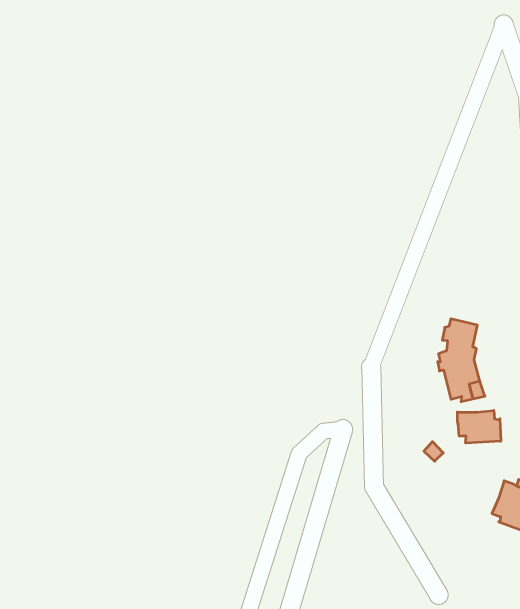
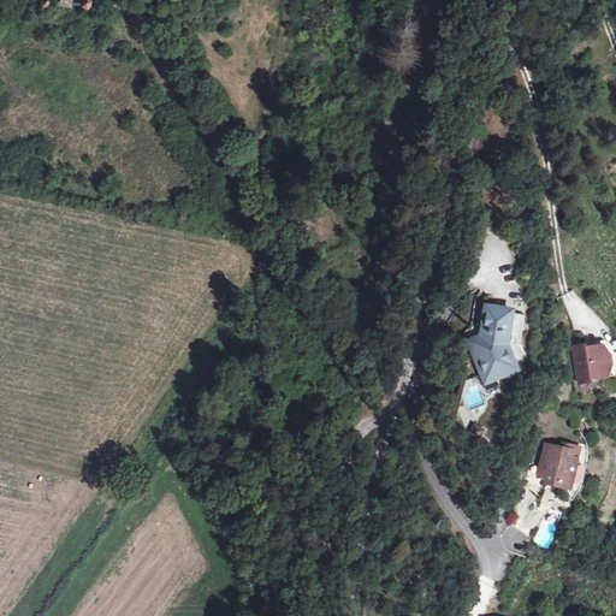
building: [457,410,501,443] -> none

